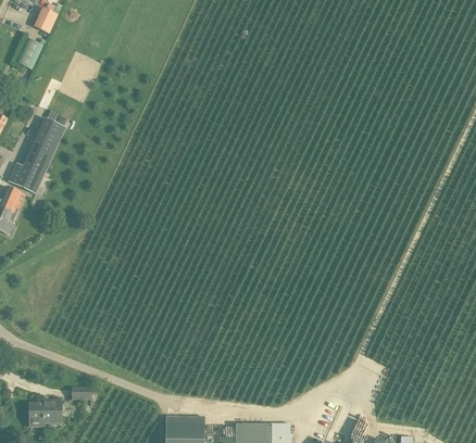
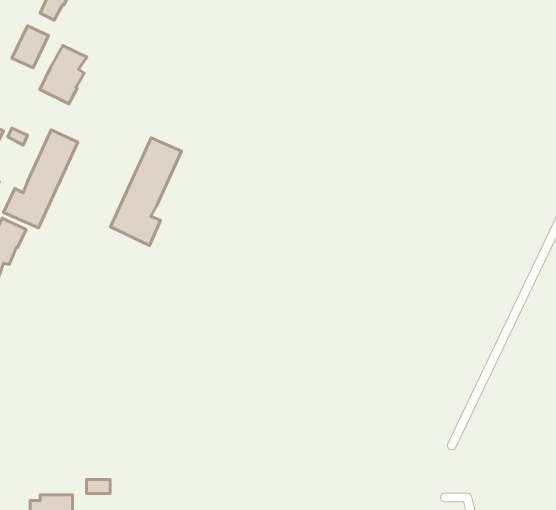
building: none -> [40,46,87,104]
building: none -> [110,138,182,245]

